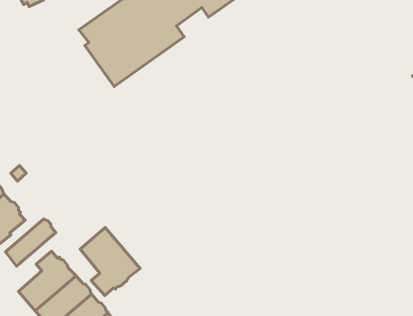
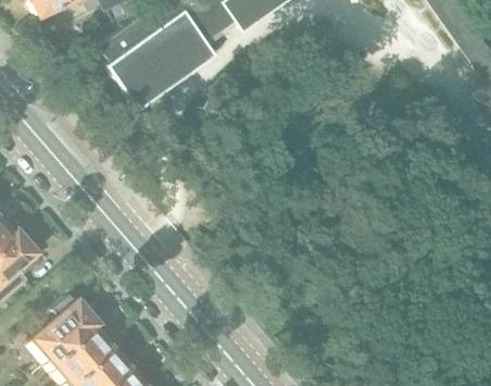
building: [6,219,56,266] -> none
building: [80,227,140,295] -> none

